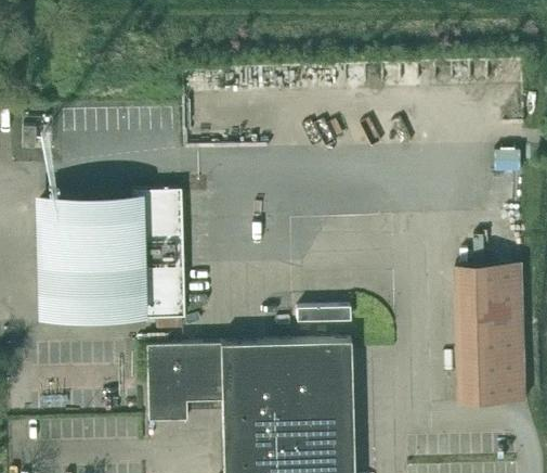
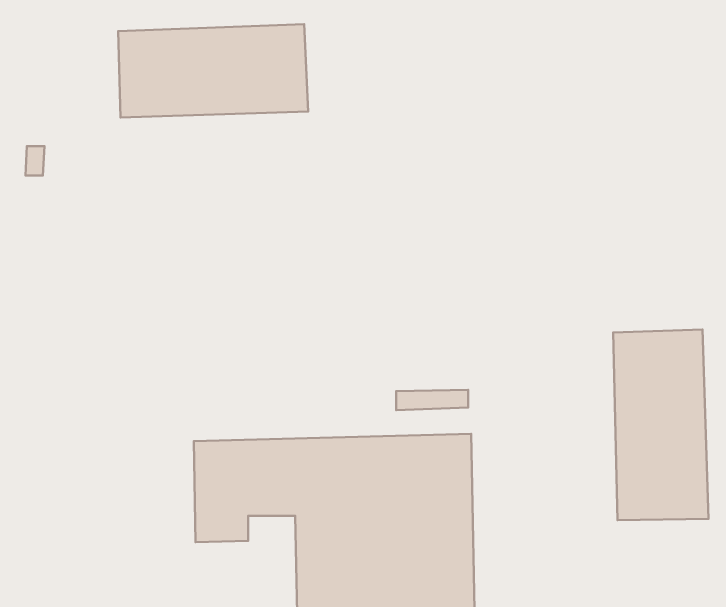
building: none -> [118,24,308,117]
building: [38,190,183,321] -> none

